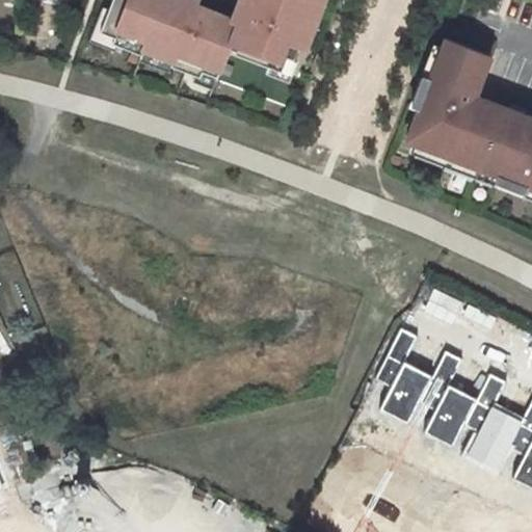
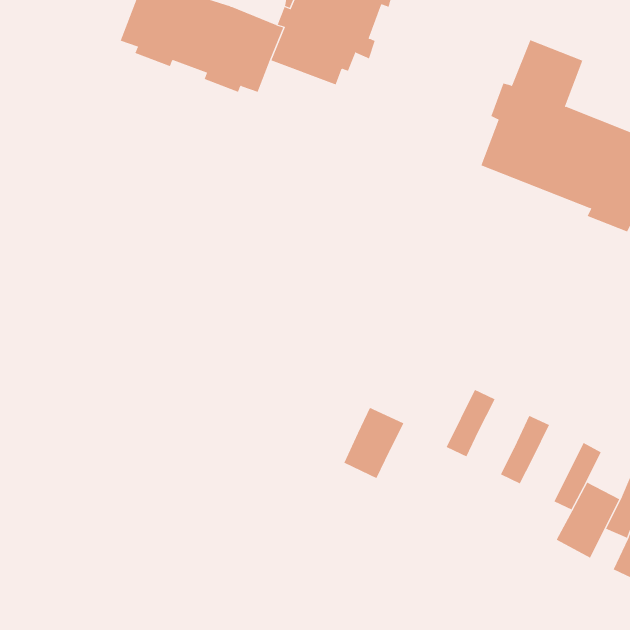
building: [382,363,433,423] -> [343,407,404,479]
building: [426,385,478,446] -> none

